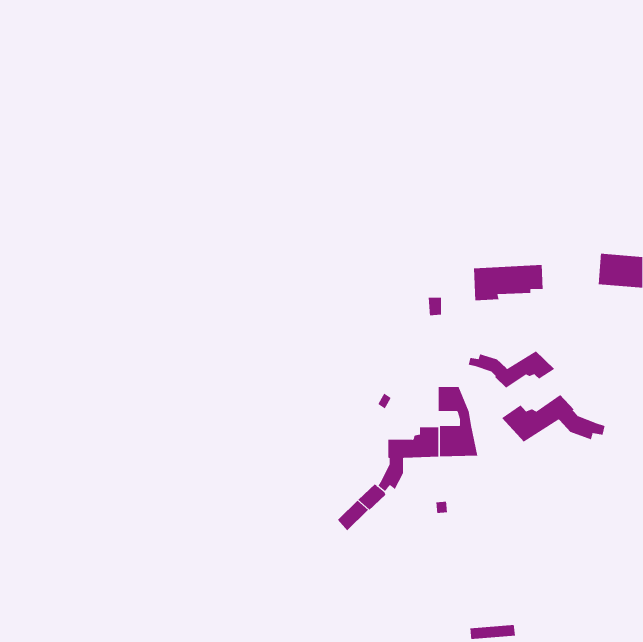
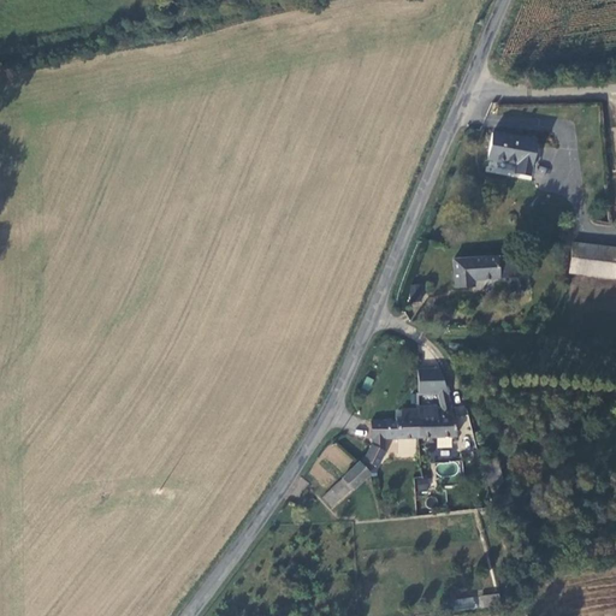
building: none -> [487,135,539,182]
building: [468,350,555,388] -> none
building: [501,394,605,442] -> none

